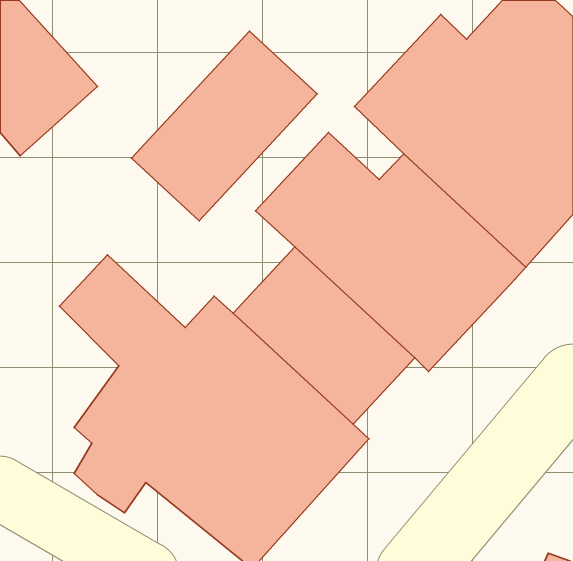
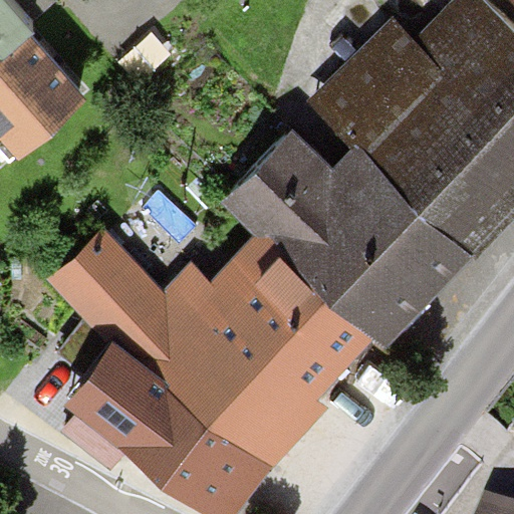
building: [131,31,317,221] -> none

